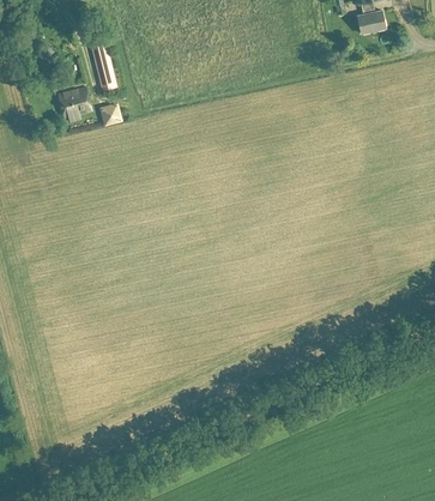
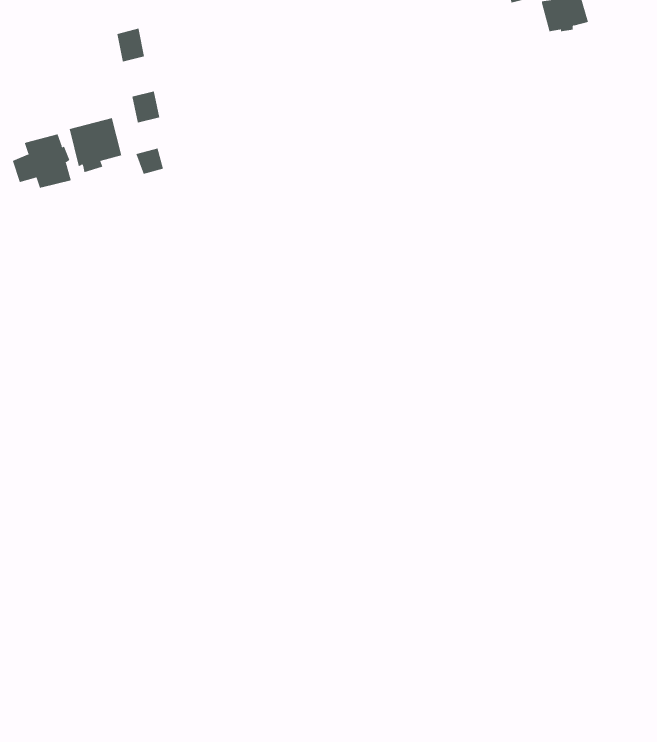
building: none -> [12,134,71,189]

